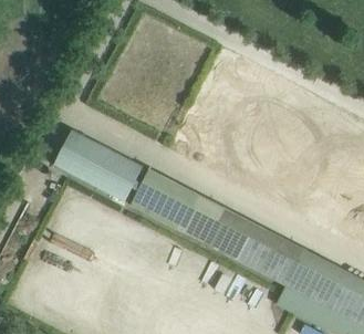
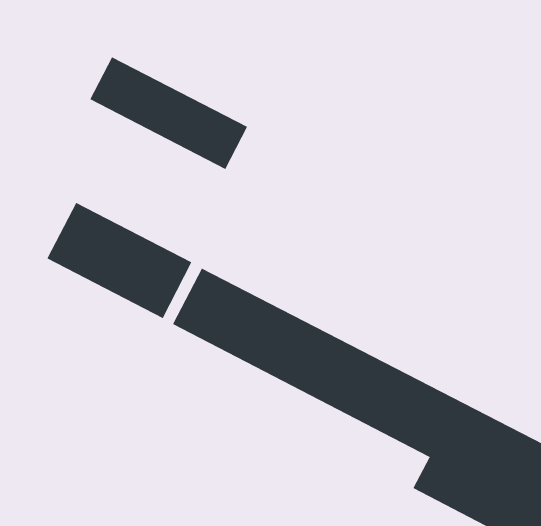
building: none -> [90,56,248,170]

